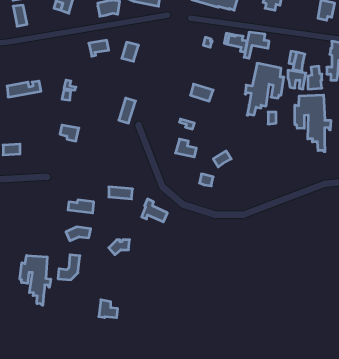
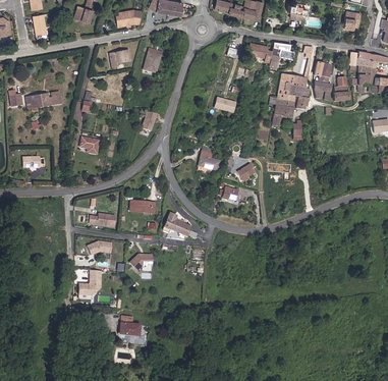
building: [295,95,331,152] -> none
building: [20,255,51,305] -> none

